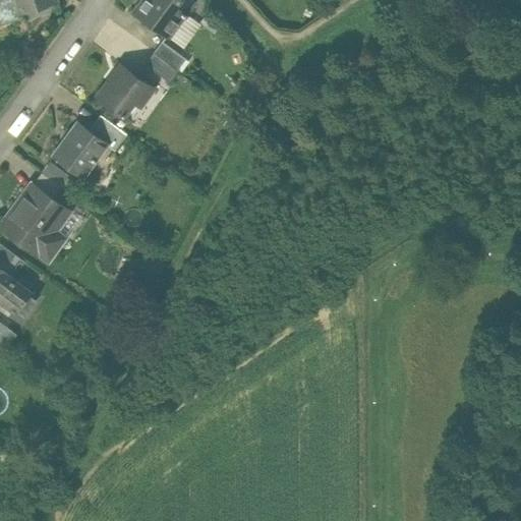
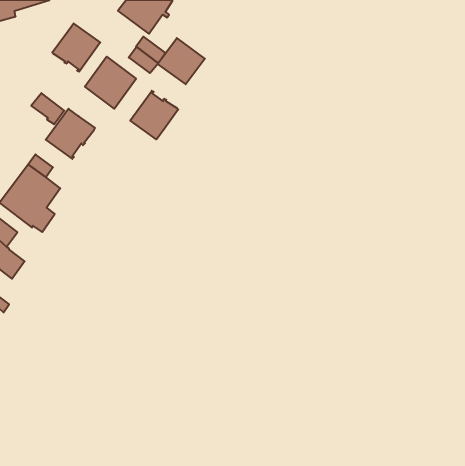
building: none -> [52,23,100,72]
building: none -> [158,38,205,84]
building: none -> [130,91,178,139]
building: [88,116,124,151] -> [31,93,64,124]

